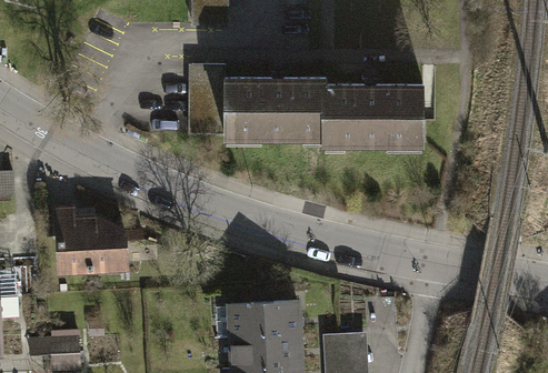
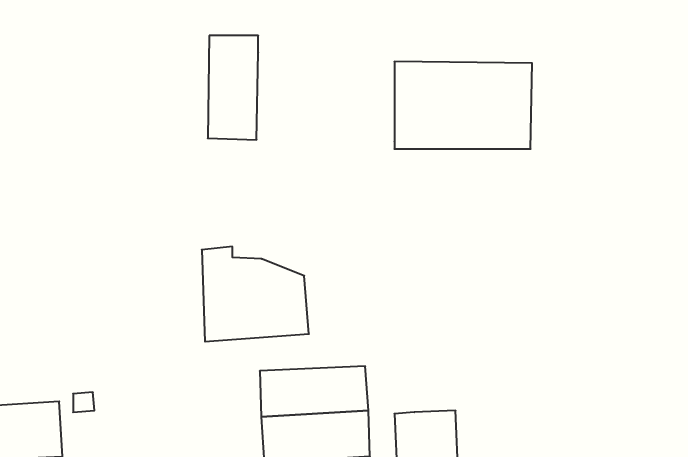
building: [222,78,322,142] -> none
building: [53,206,131,275] -> [202,247,309,342]

